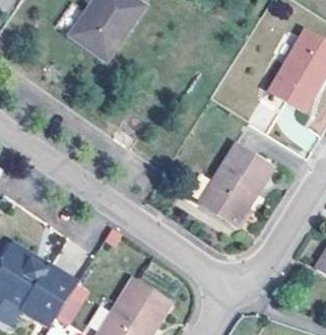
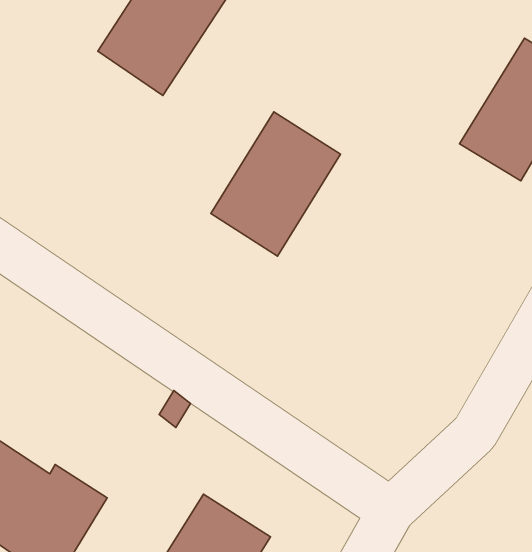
building: [201,143,272,222] -> [211,112,341,256]

